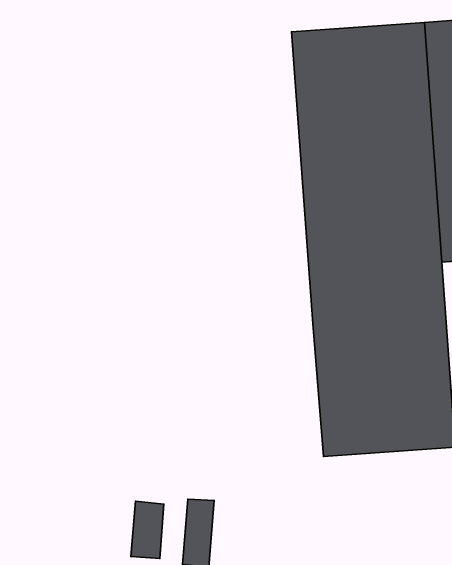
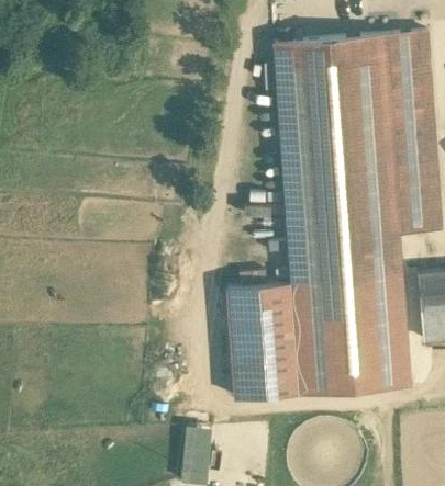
building: none -> [227,284,301,399]
building: [131,501,164,559] -> none

